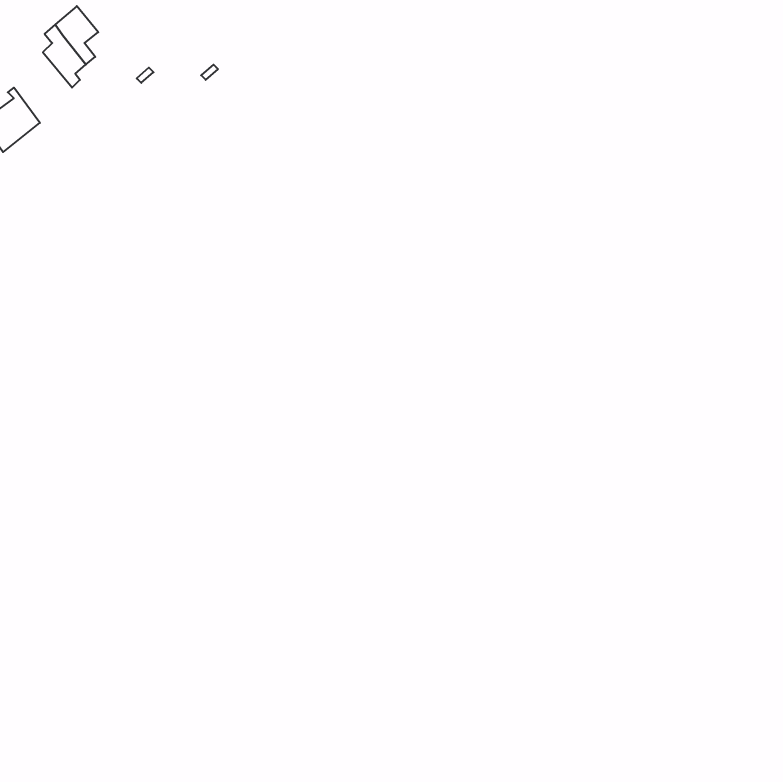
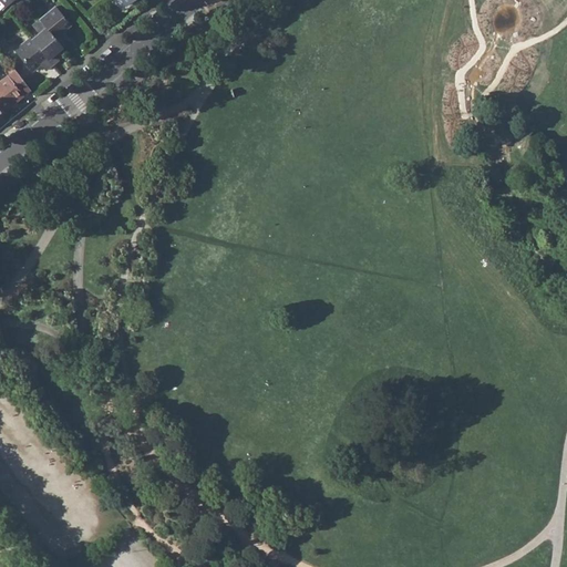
building: none -> [13,38,52,72]

